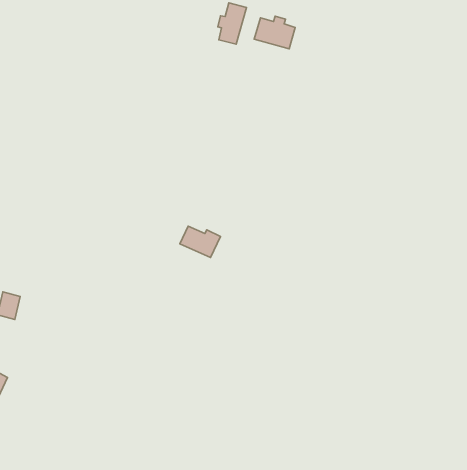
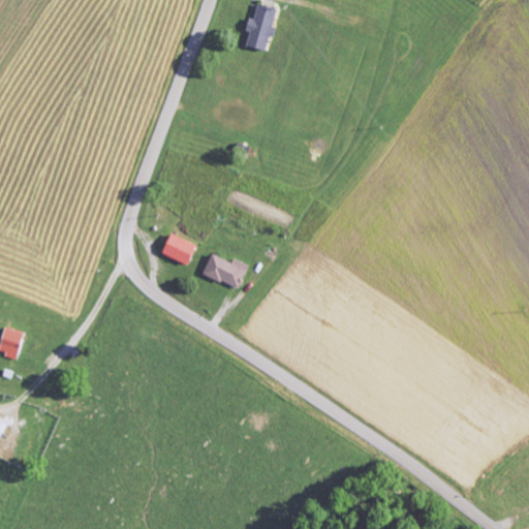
building: [254,16,295,49] -> none
building: none -> [161,234,195,264]

